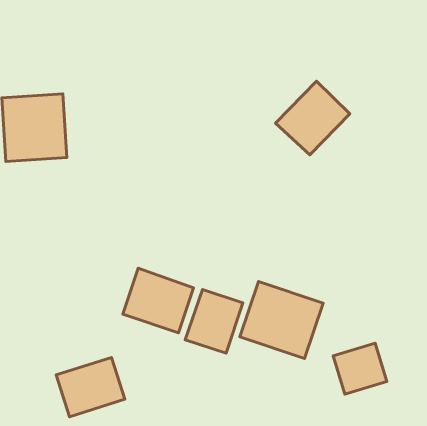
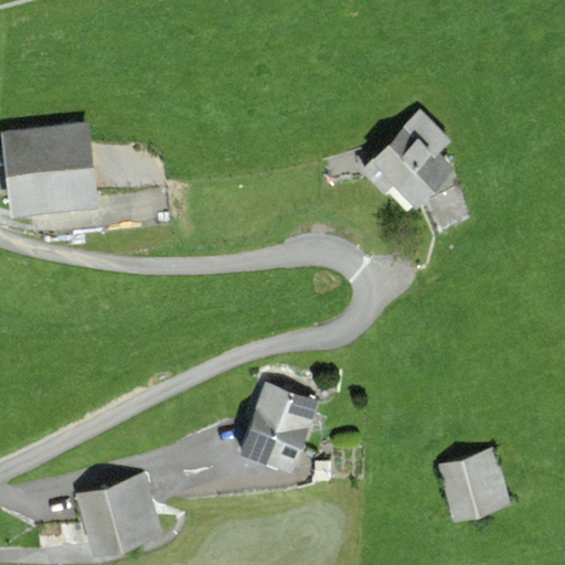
building: [123,268,193,333] -> none
building: [240,282,323,358] -> none

